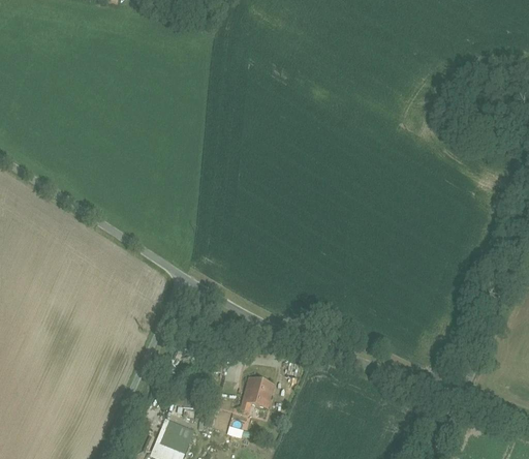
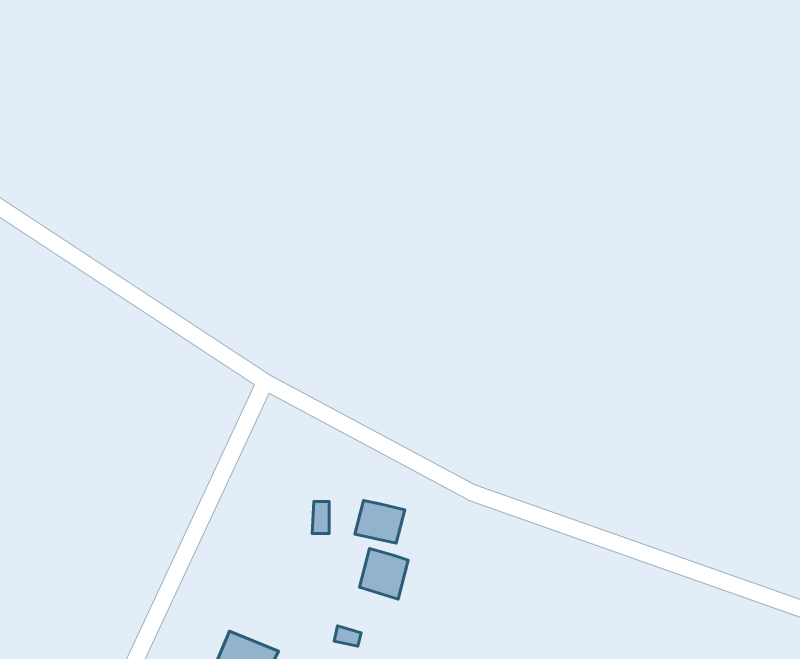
building: none -> [355,501,405,543]

